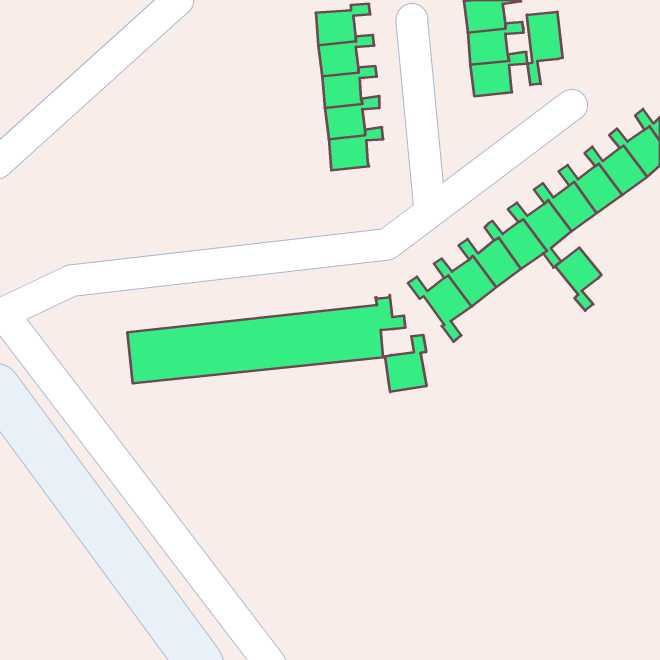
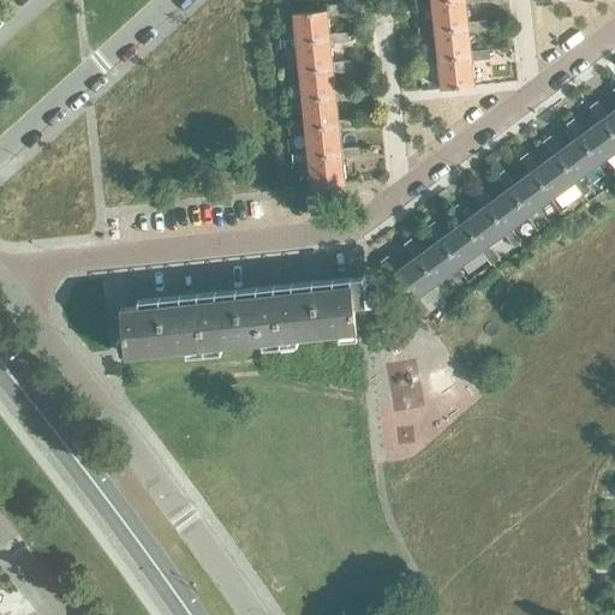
building: [527,12,563,85] -> none
building: none -> [306,150,357,190]
building: [555,248,601,311] -> none
building: [385,335,426,392] -> none

